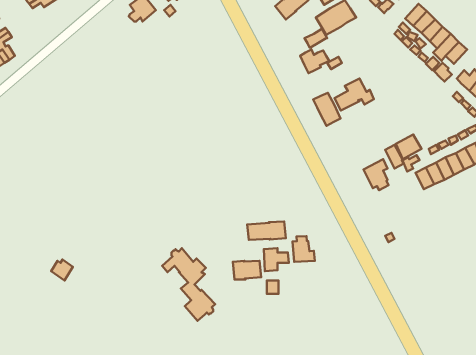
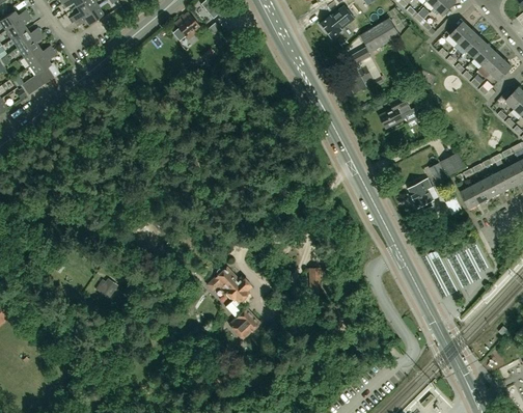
building: [313,93,341,126] -> none
building: [247,221,286,240] -> none
building: [292,236,315,262] -> none
building: [233,261,261,280] -> none

